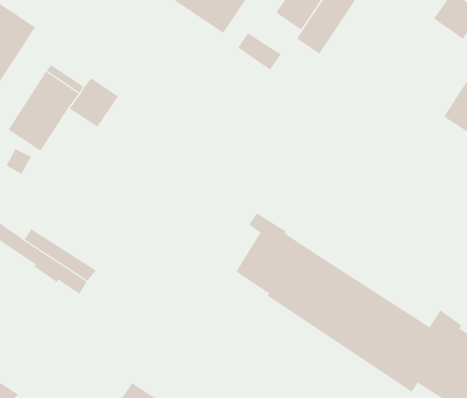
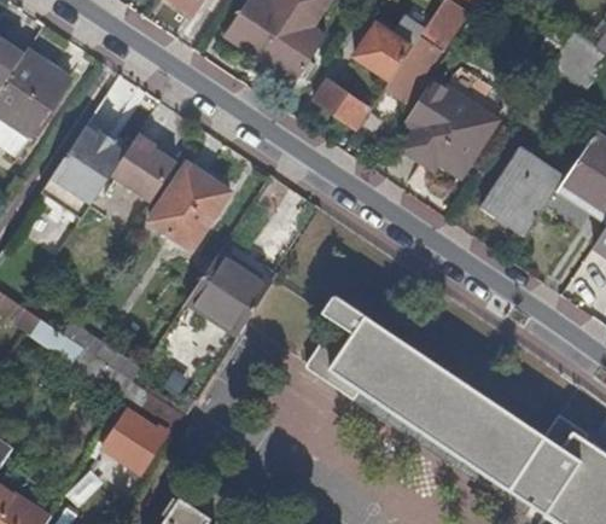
building: none -> [402,76,499,175]
building: none -> [480,150,563,234]
building: none -> [147,162,228,248]
building: none -> [186,241,279,336]
building: none -> [101,409,165,468]

